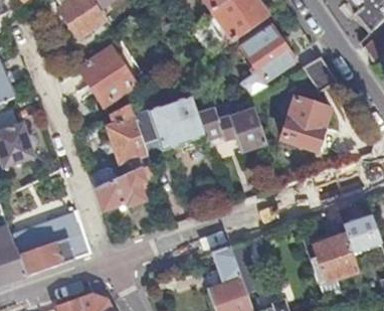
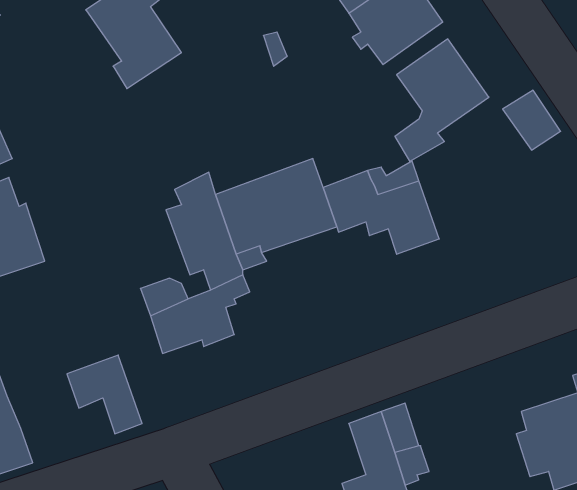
building: [78,48,135,105] -> none
building: [281,98,331,150] -> none
building: [11,222,74,275] -> none

